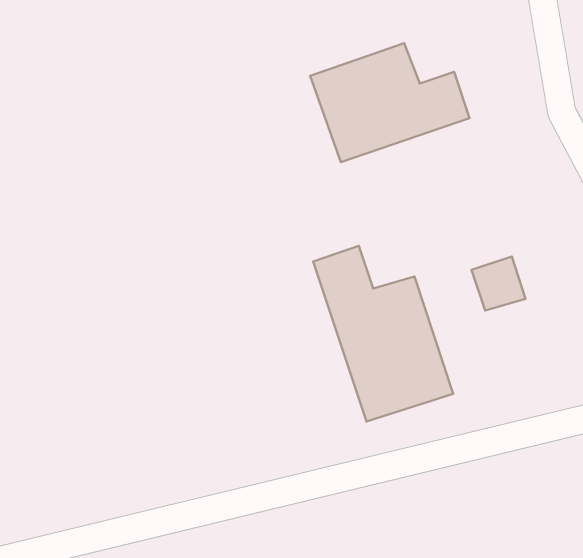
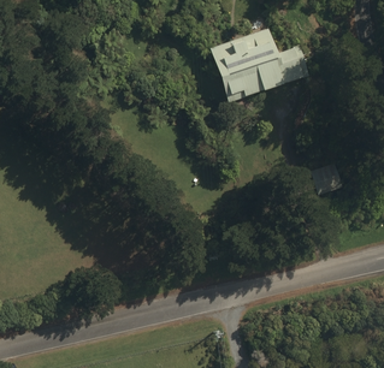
building: [313,246,453,421] -> none

